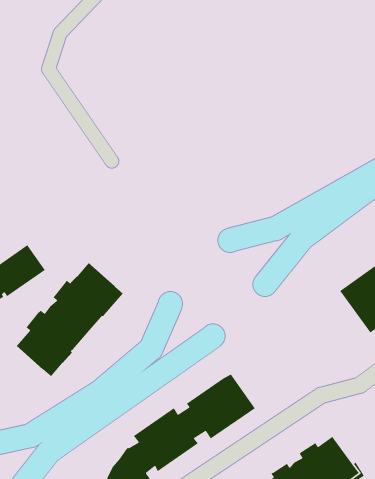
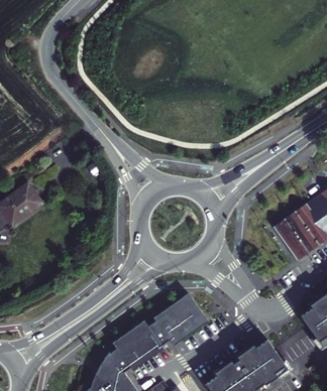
building: [16,262,124,377] -> none

